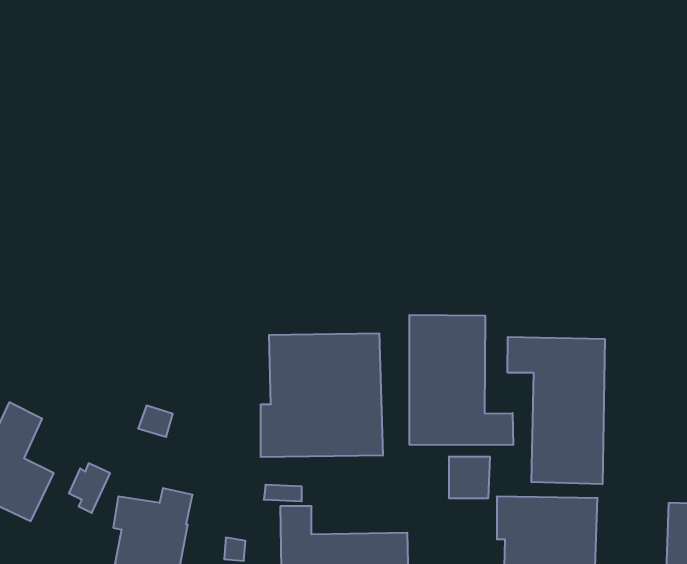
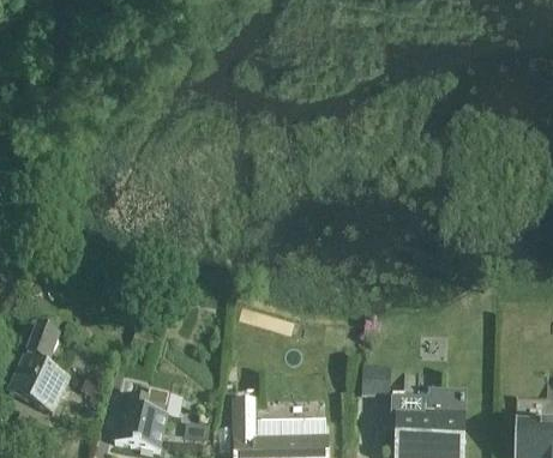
building: [409,315,513,445] -> none
building: [261,333,383,457] -> none
building: [508,337,605,484] -> none

